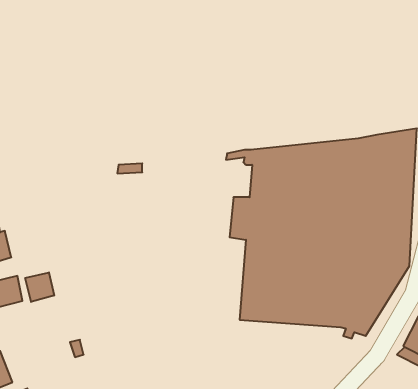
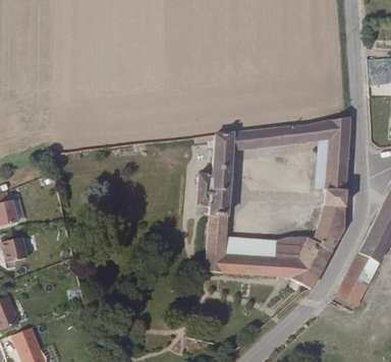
building: [25,272,54,302] -> none

